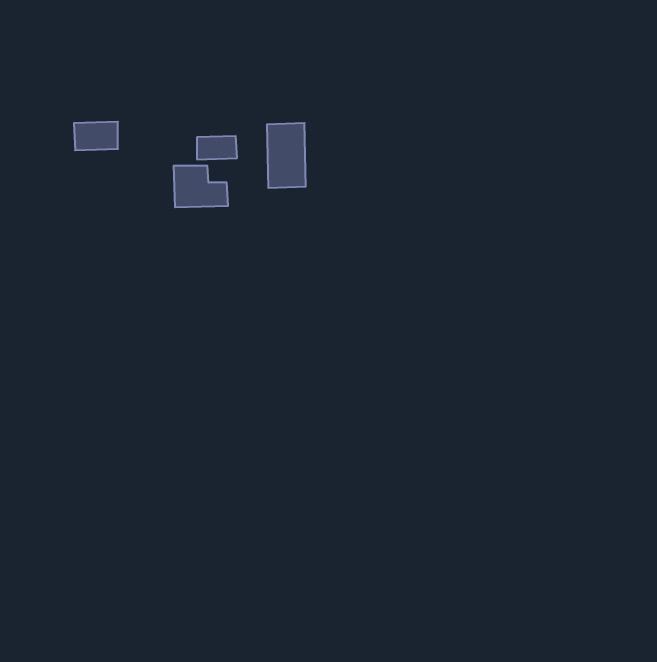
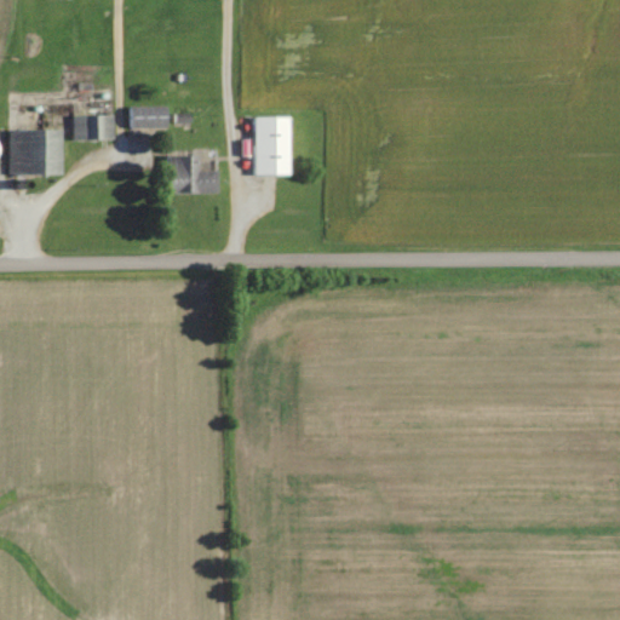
building: [197,136,237,159] -> [131,105,168,127]
building: none -> [11,128,63,174]

